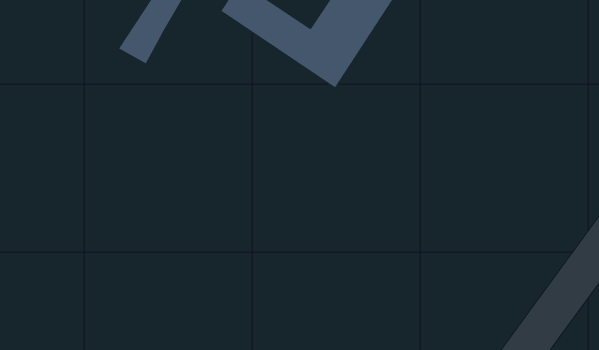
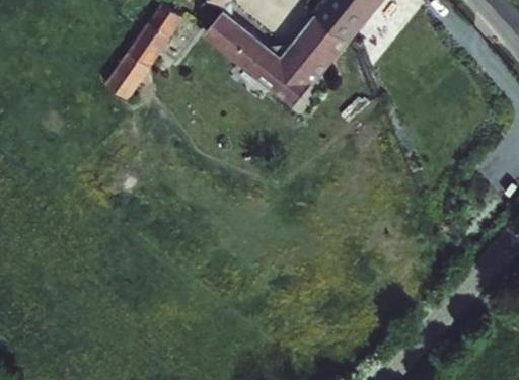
building: none -> [104,56,144,98]

